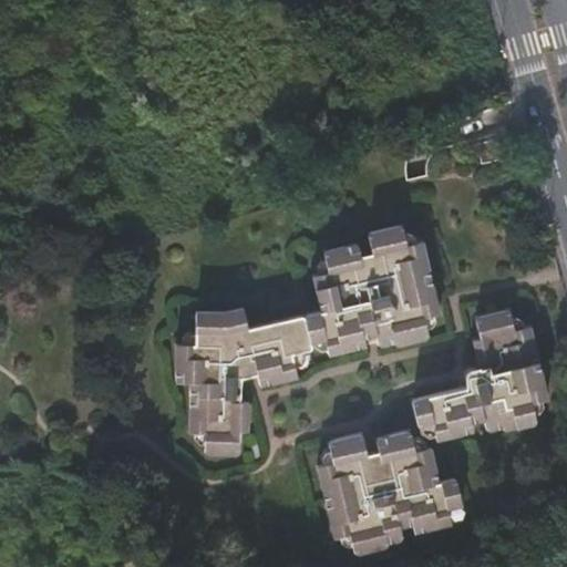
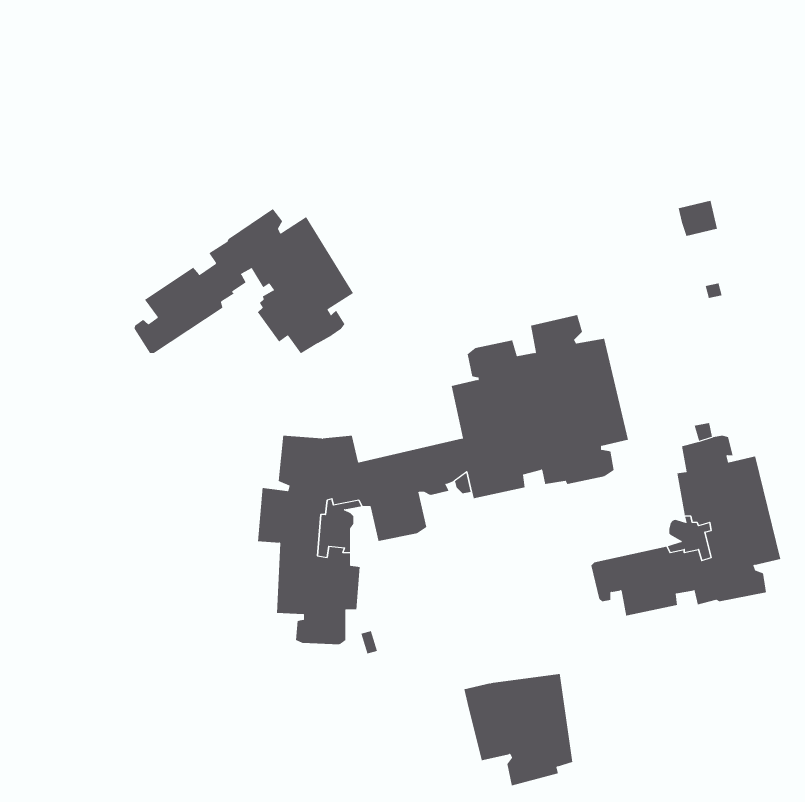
building: none -> [134,208,354,354]
building: [319,430,462,538] -> none

